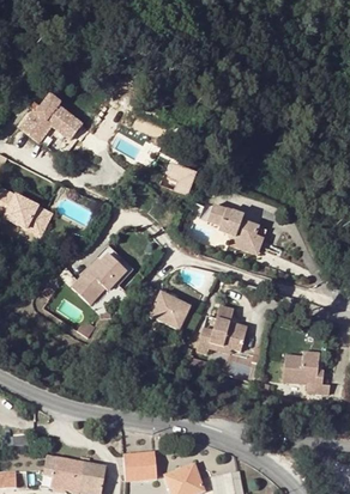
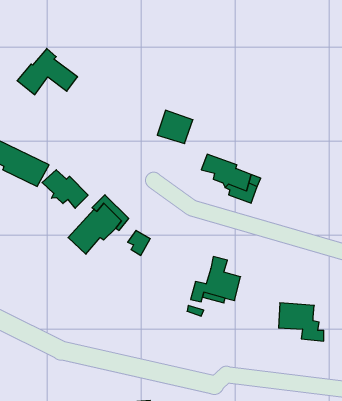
building: none -> [42,170,88,208]
building: [147,292,188,328] -> none

